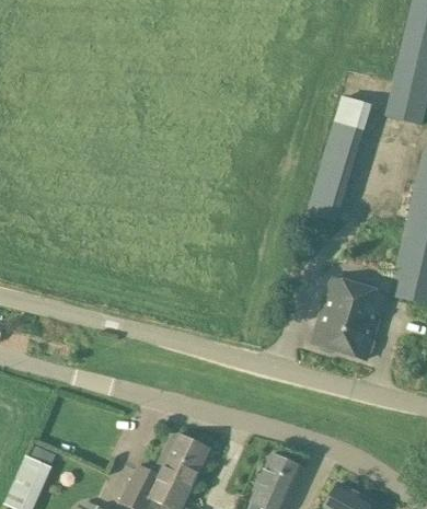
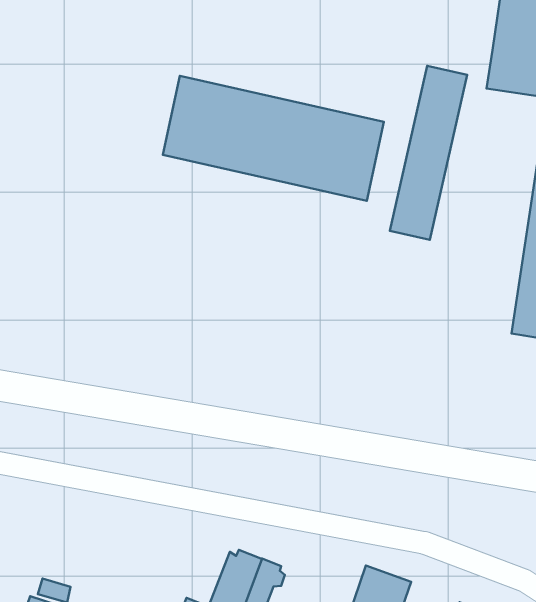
building: none -> [163,76,384,201]
building: [312,279,384,359] -> none

